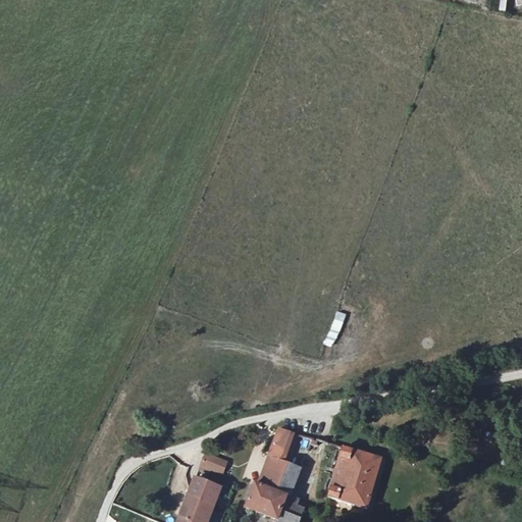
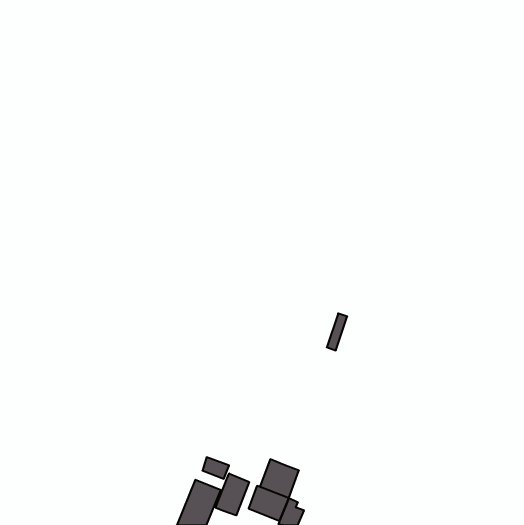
building: [269,428,295,462] -> none
building: [329,448,380,507] -> none
building: none -> [216,473,249,515]

